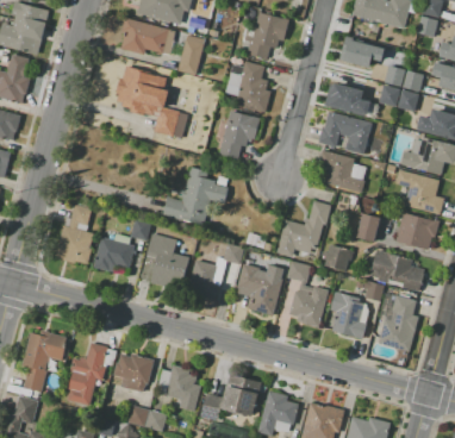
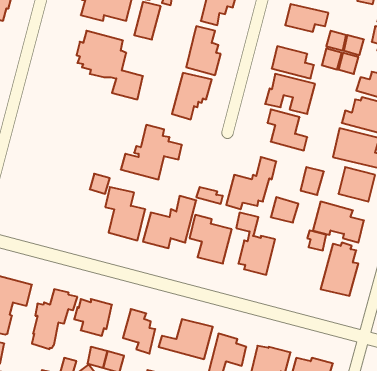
building: [55,205,93,264] -> none
building: [94,237,136,271] -> none
building: [331,292,370,339] -> none

